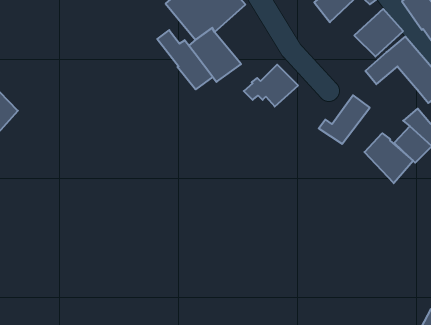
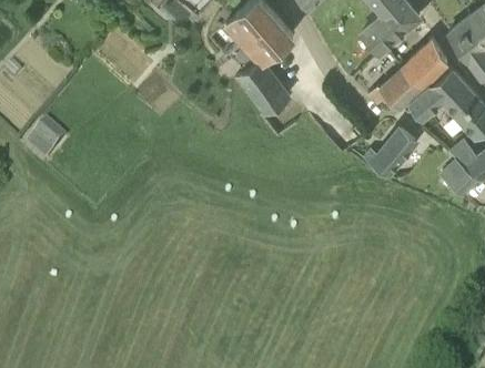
building: [157,30,213,89] -> none
building: [244,65,298,107] -> [366,68,421,110]
building: [364,133,413,183] -> none

